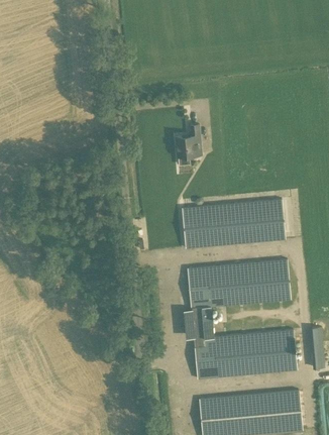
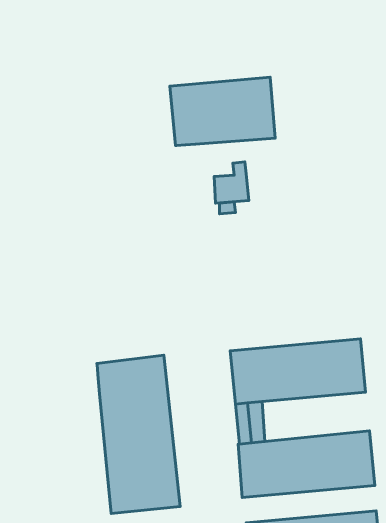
building: none -> [170,77,275,146]
building: [181,199,285,248] -> none
building: none -> [97,355,180,513]

